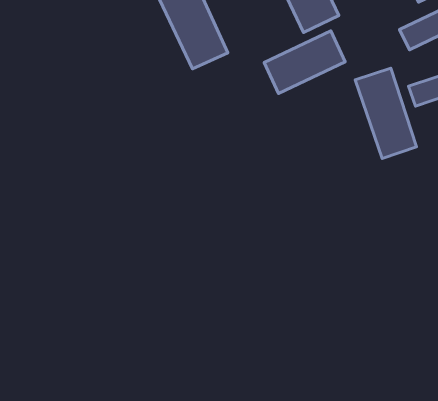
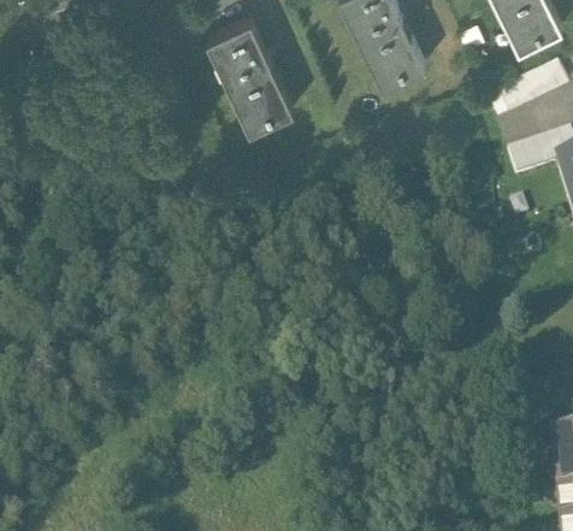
building: [264,31,345,93] -> none
building: [355,68,416,158] -> none

